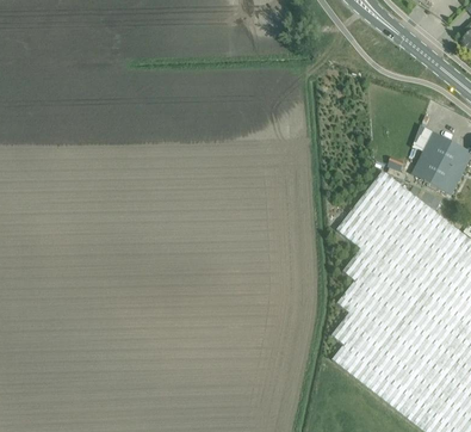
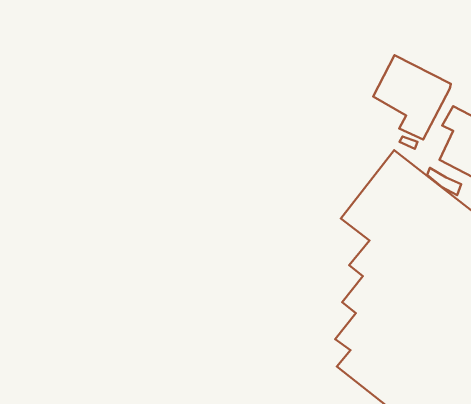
building: none -> [373,55,451,140]

